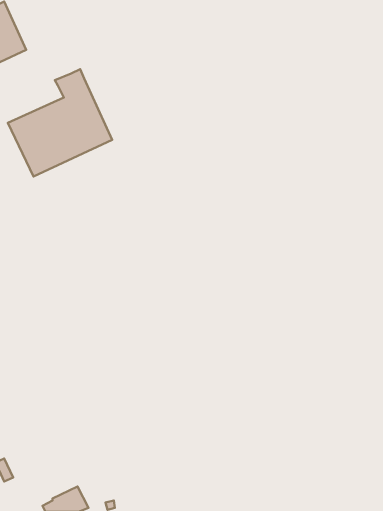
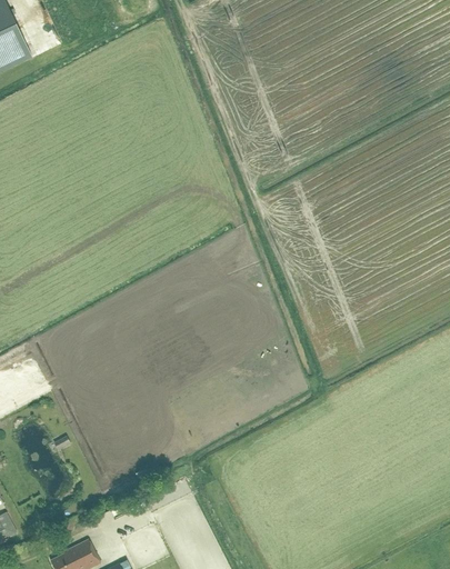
building: [8,69,112,177] -> none

